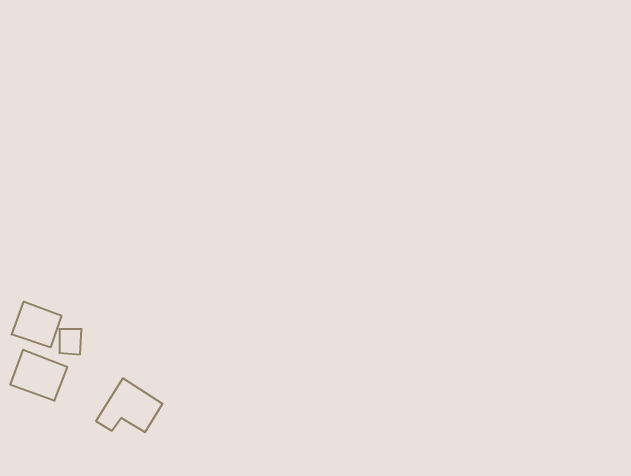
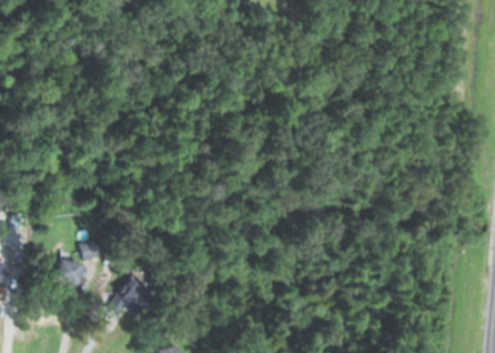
building: [12,302,61,347] -> none

